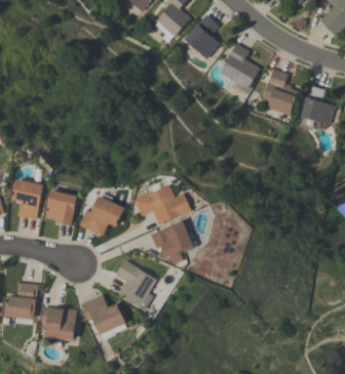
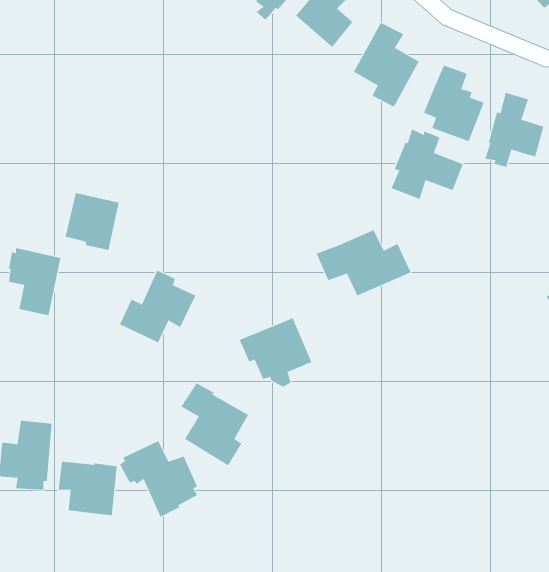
building: none -> [391,128,464,200]
building: [133,184,191,224] -> [316,230,411,296]
building: [44,190,77,224] -> [65,192,119,250]

